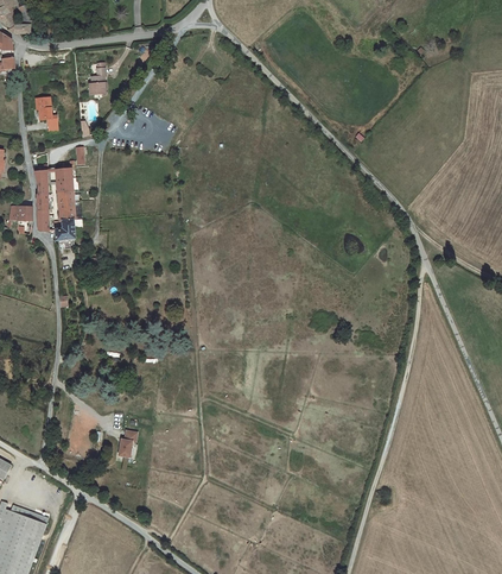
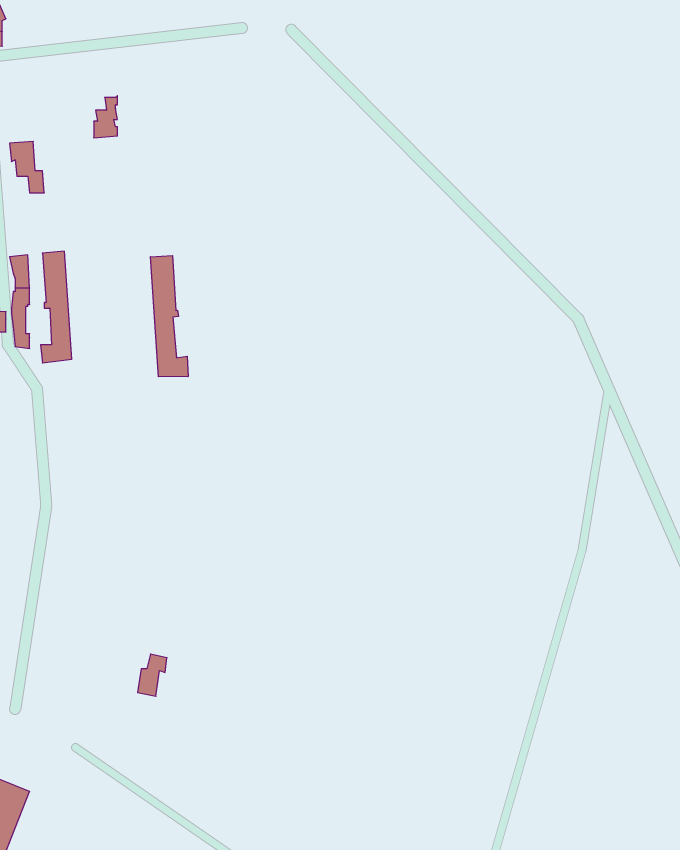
building: none -> [150,256,188,377]

